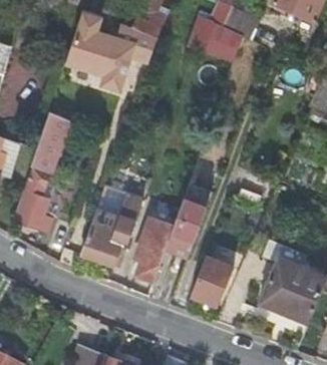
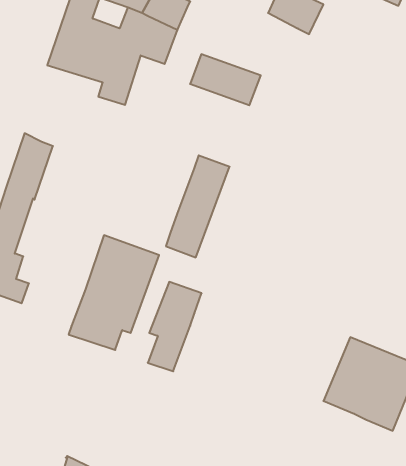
building: [189,25,239,61] -> [190,54,261,105]
building: [166,186,211,258] -> [166,155,230,257]
building: [190,257,234,307] -> none

